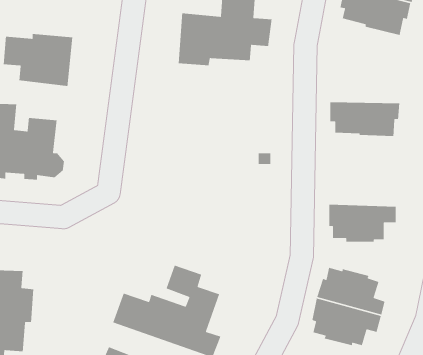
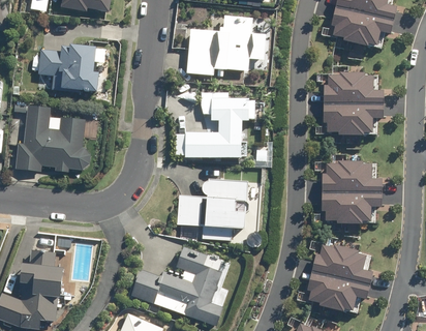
building: none -> [317,76,377,107]
building: none -> [187,95,253,154]
building: none -> [316,163,374,194]
building: none -> [178,178,250,238]

